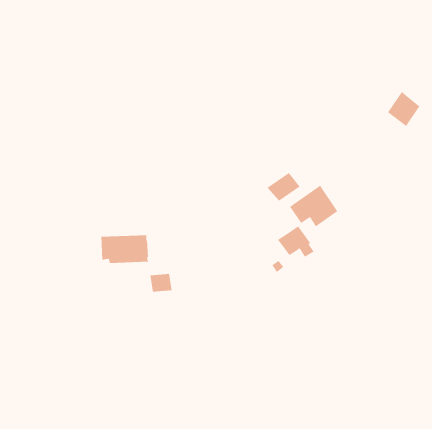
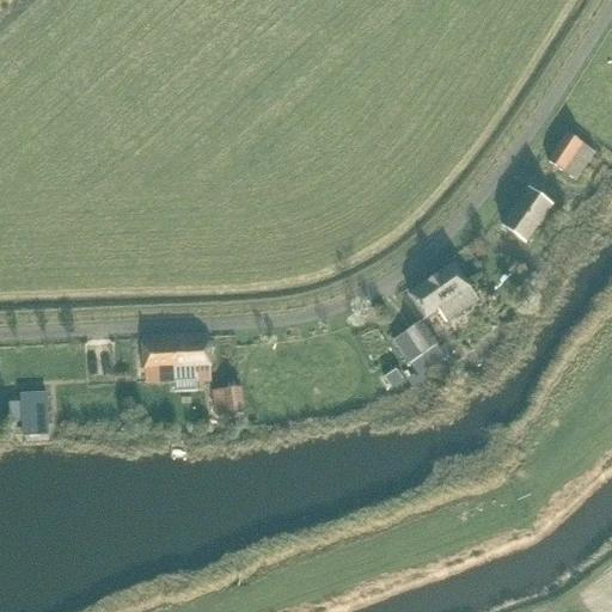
building: none -> [502,186,551,240]
building: [267,172,300,201] -> none
building: none -> [7,391,49,436]

